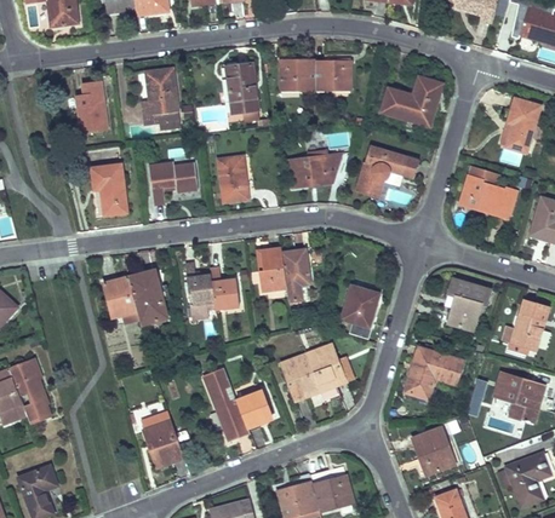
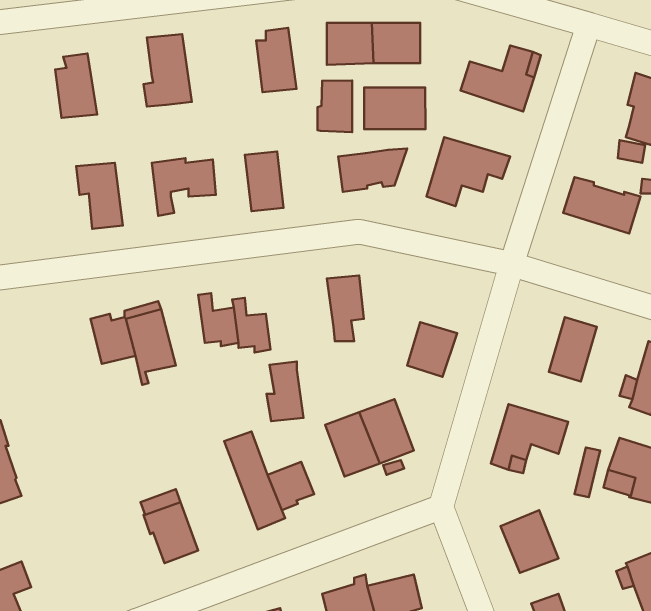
building: none -> [317,81,352,132]
building: none -> [364,87,425,129]
building: [258,247,286,292] -> [266,362,303,421]

